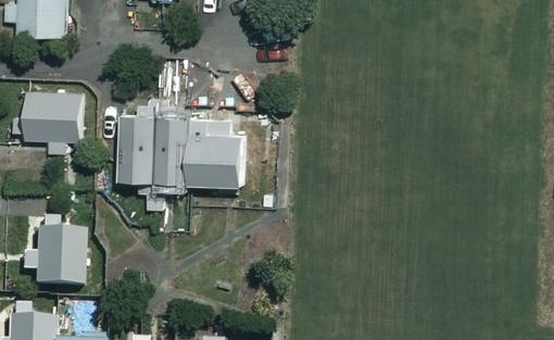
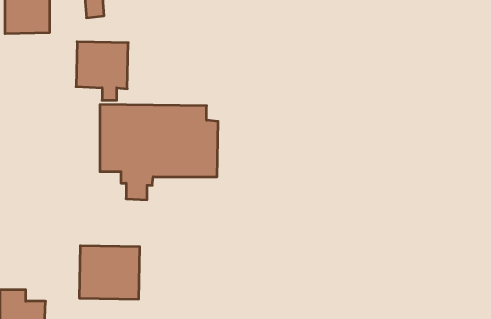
building: [25,91,79,152] -> [76,42,128,100]
building: [24,230,87,286] -> [79,246,140,299]

